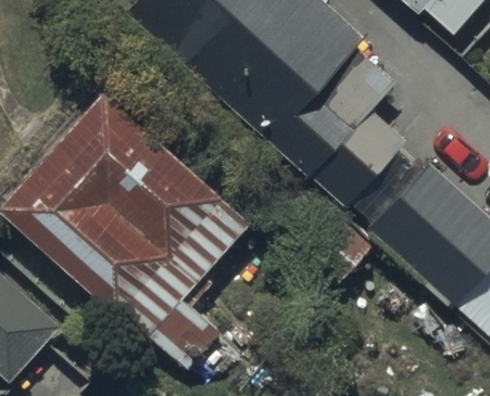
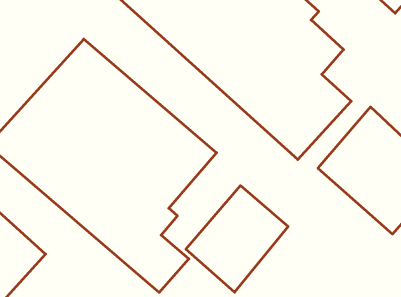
building: none -> [186,186,288,292]

